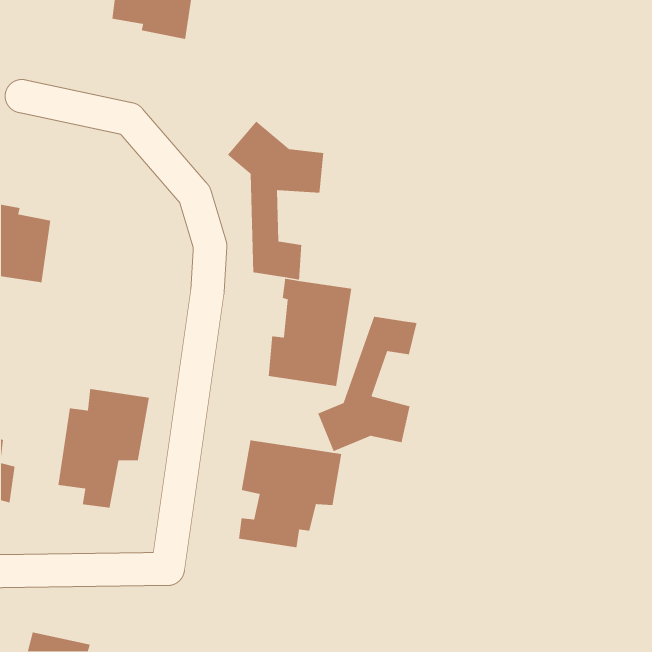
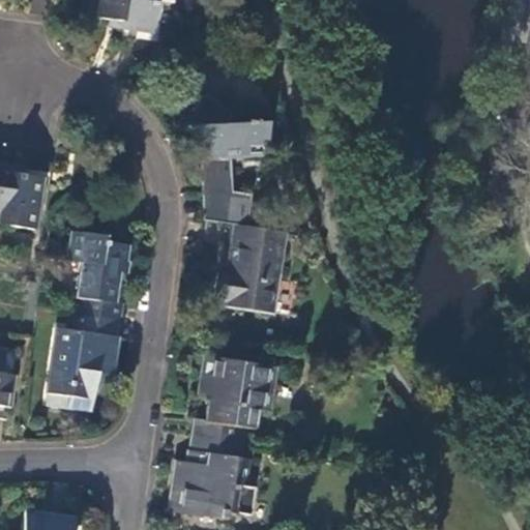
building: none -> [67,231,130,321]
building: [317,316,417,452] -> none
building: none -> [172,436,257,518]

